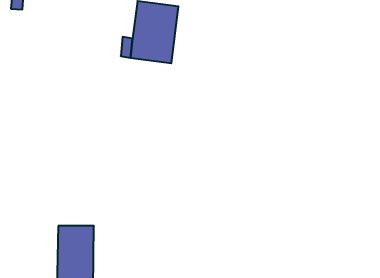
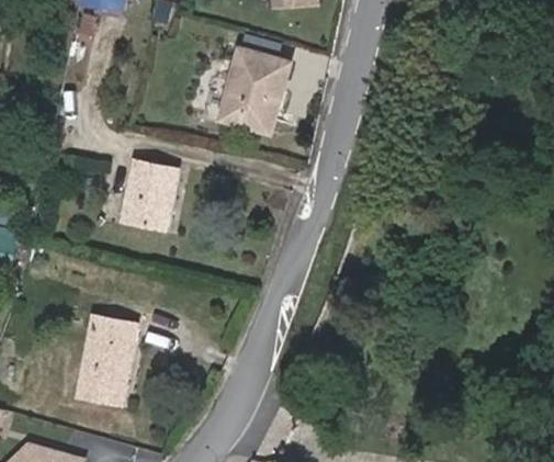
building: none -> [122,160,178,229]

